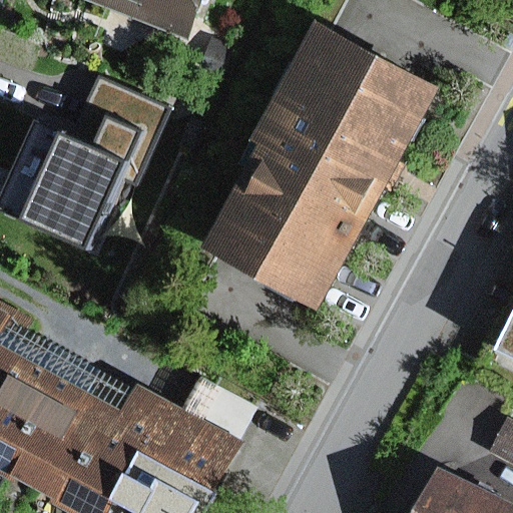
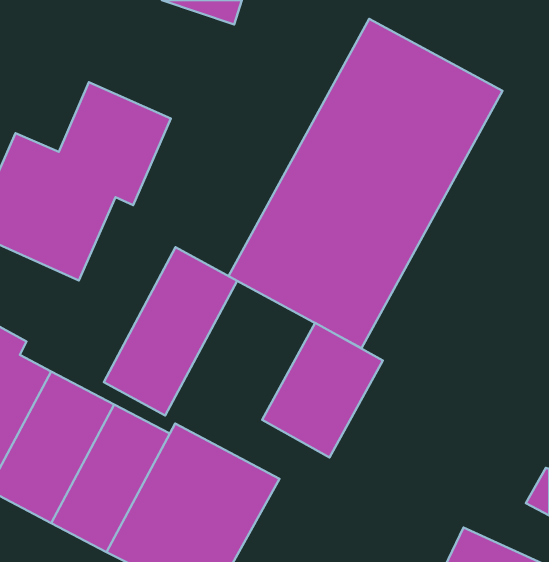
building: none -> [104,247,237,416]
building: none -> [262,323,383,457]

